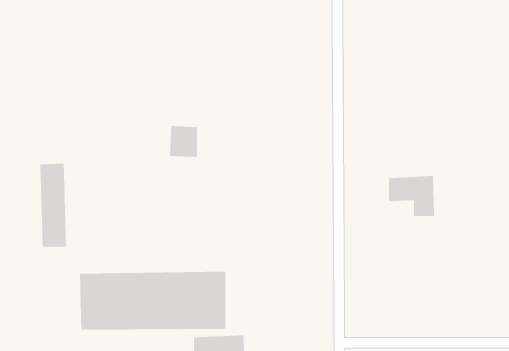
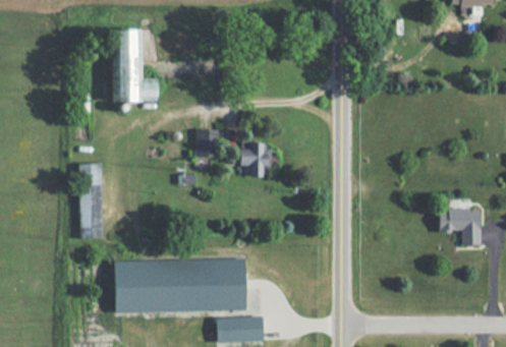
building: none -> [114,31,158,102]
building: none -> [240,142,272,177]
building: [388,176,435,217] -> [440,209,482,245]

